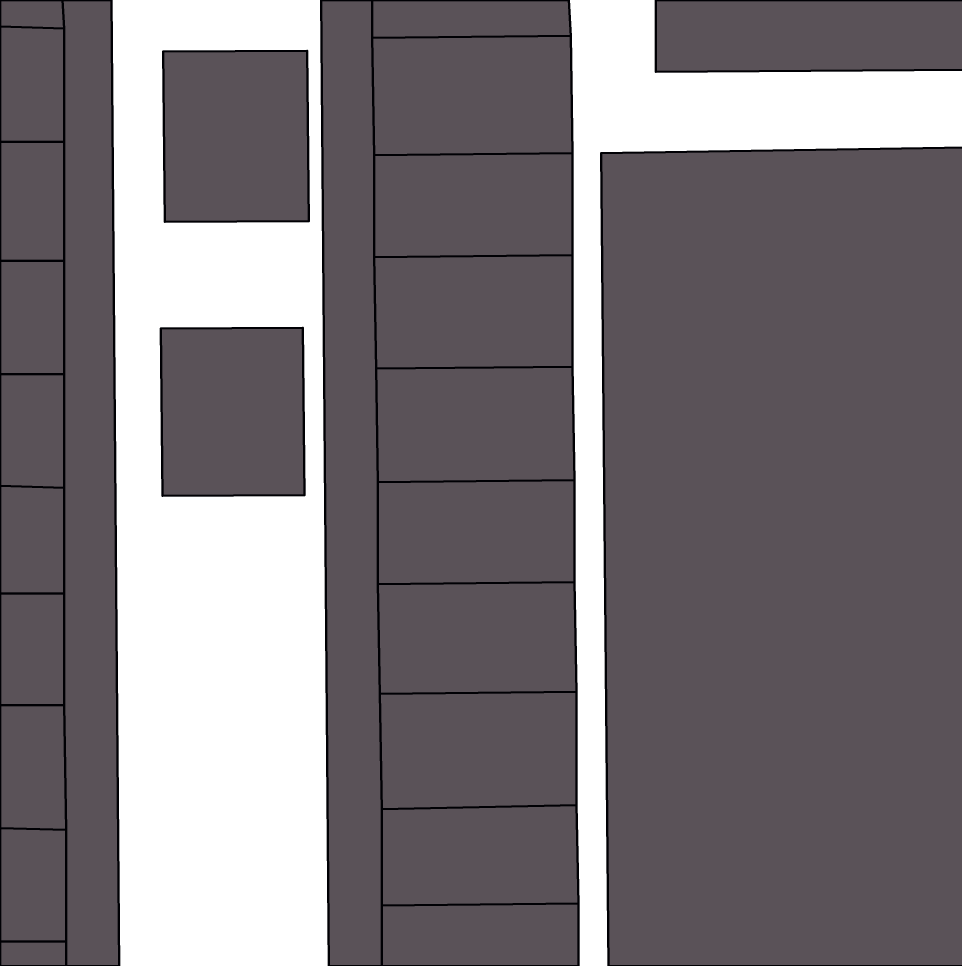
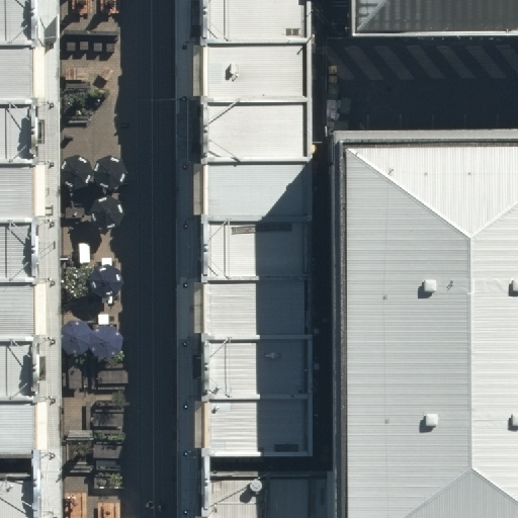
building: [163,51,309,222] -> none
building: [161,328,304,496] -> none

